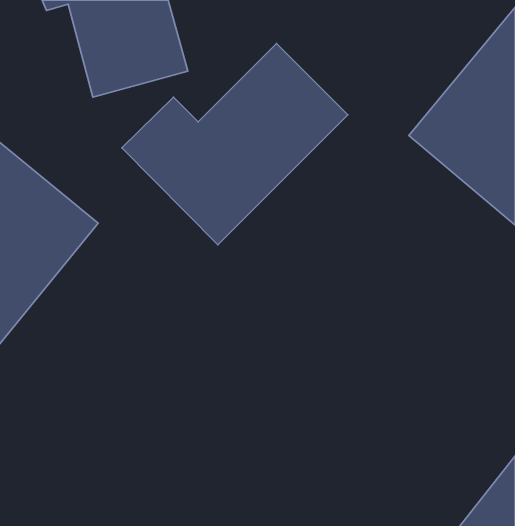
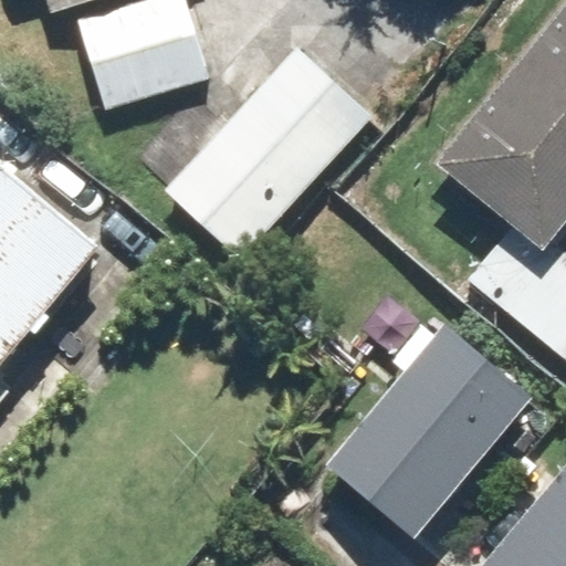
building: none -> [335,323,538,534]

